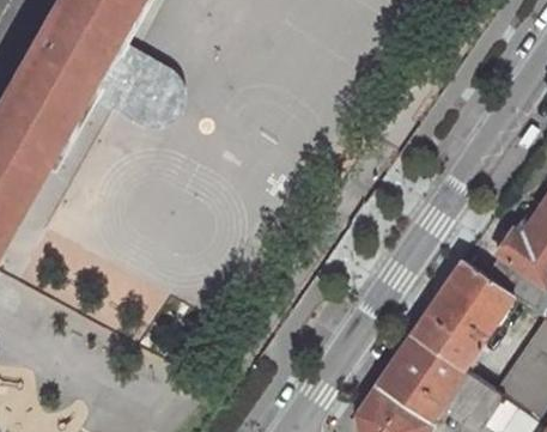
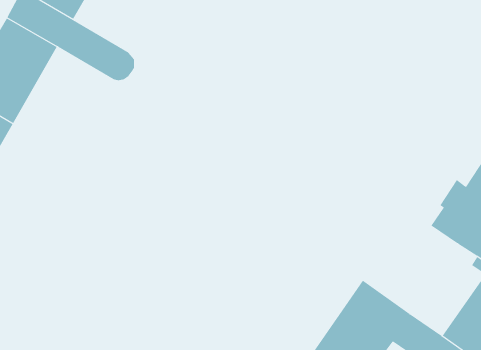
building: [413,260,513,367] -> none

